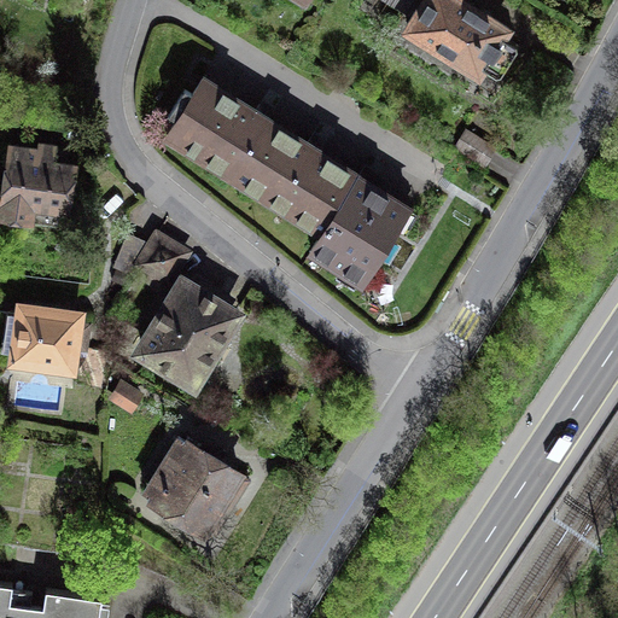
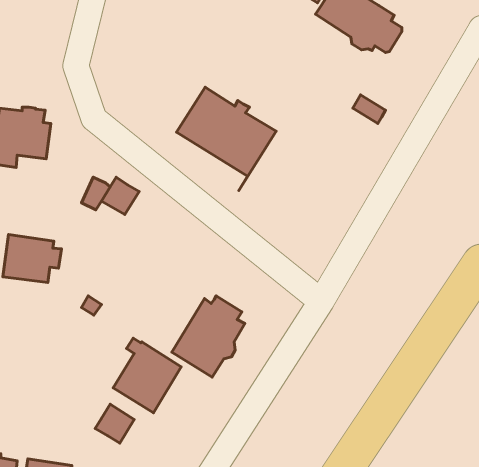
building: [165,81,270,180] -> none
building: [309,173,407,285] -> none
building: [140,281,232,384] -> [172,296,245,377]
building: none -> [95,404,134,443]

